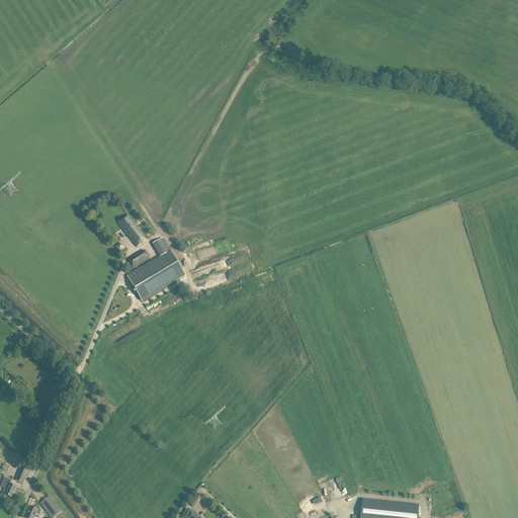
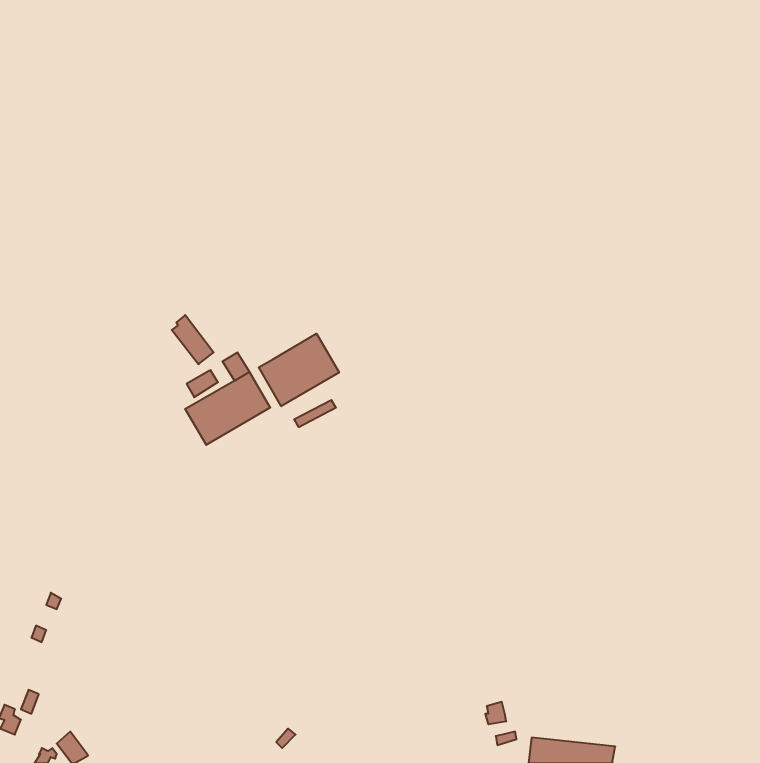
building: none -> [259,334,339,406]

